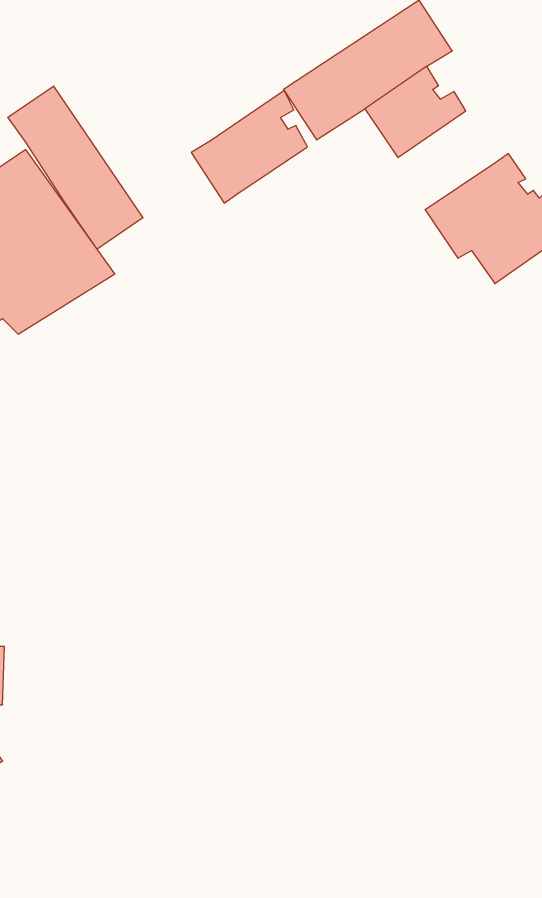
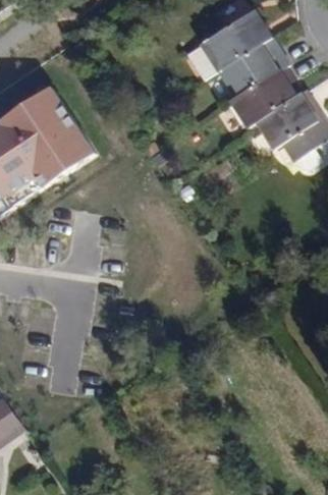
building: [8,86,143,249] -> none
building: [191,90,307,203] -> [233,66,294,125]

